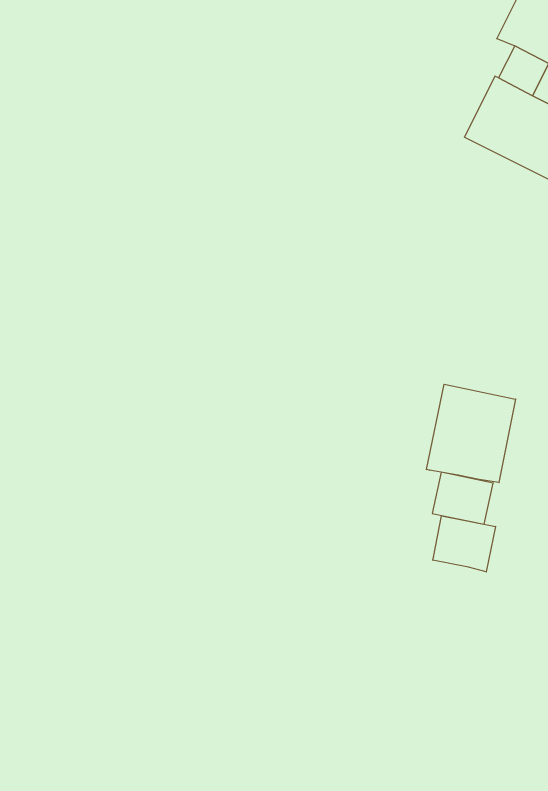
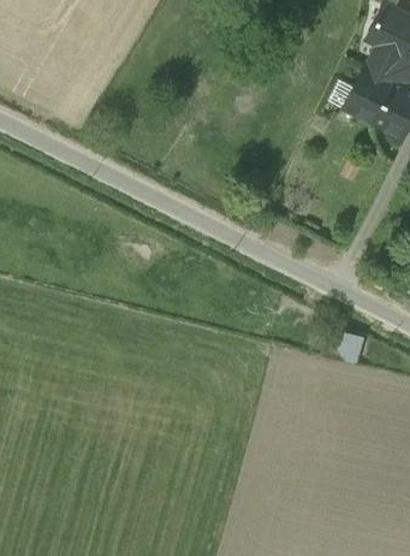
building: [426,384,516,483] -> none
building: [433,516,496,572] -> none

